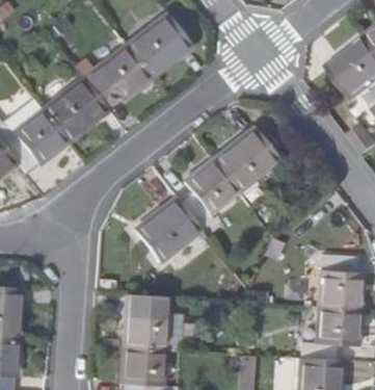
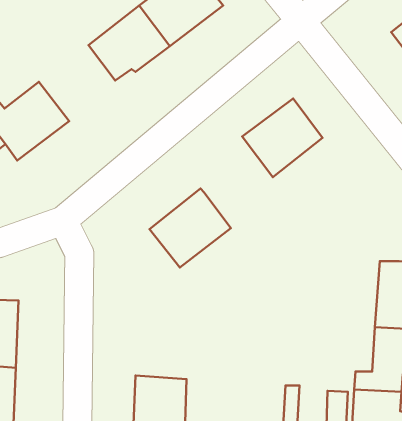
building: [44,77,108,139] -> none
building: [179,152,235,227] -> none
building: [123,295,167,350] -> none

